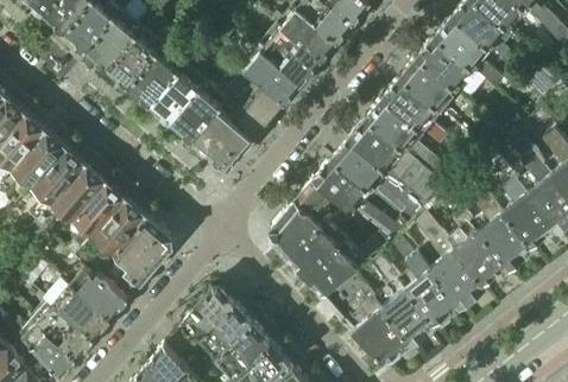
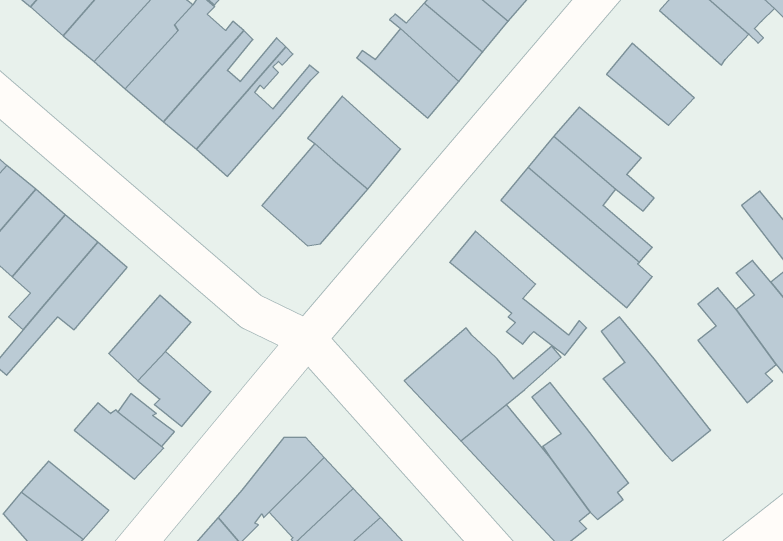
building: [434,15,511,97] -> none
building: [245,52,301,106] -> none
building: [399,57,463,112] -> none
building: [170,61,228,142] -> none
building: [332,139,430,225] -> none
building: [271,179,355,256] -> none
building: [65,183,126,260] -> none
building: [438,196,504,288] -> none
building: [130,218,169,263] -> none
building: [390,237,455,327] -> none
building: [53,288,109,340] -> none

